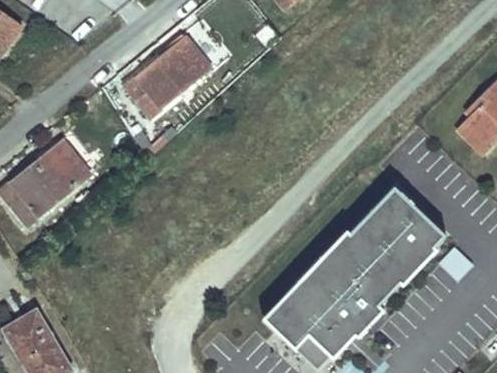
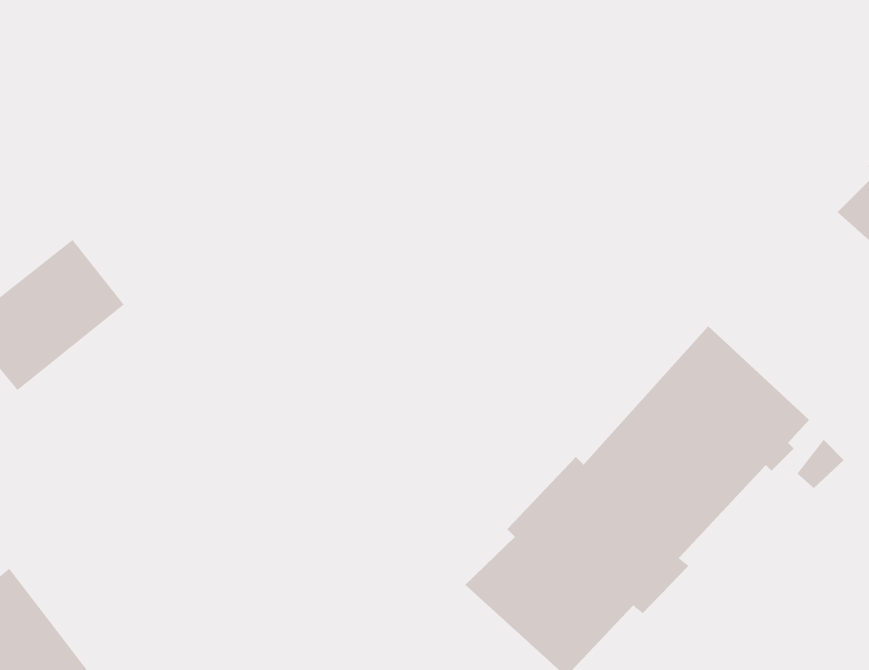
building: [122,40,212,119] -> none

